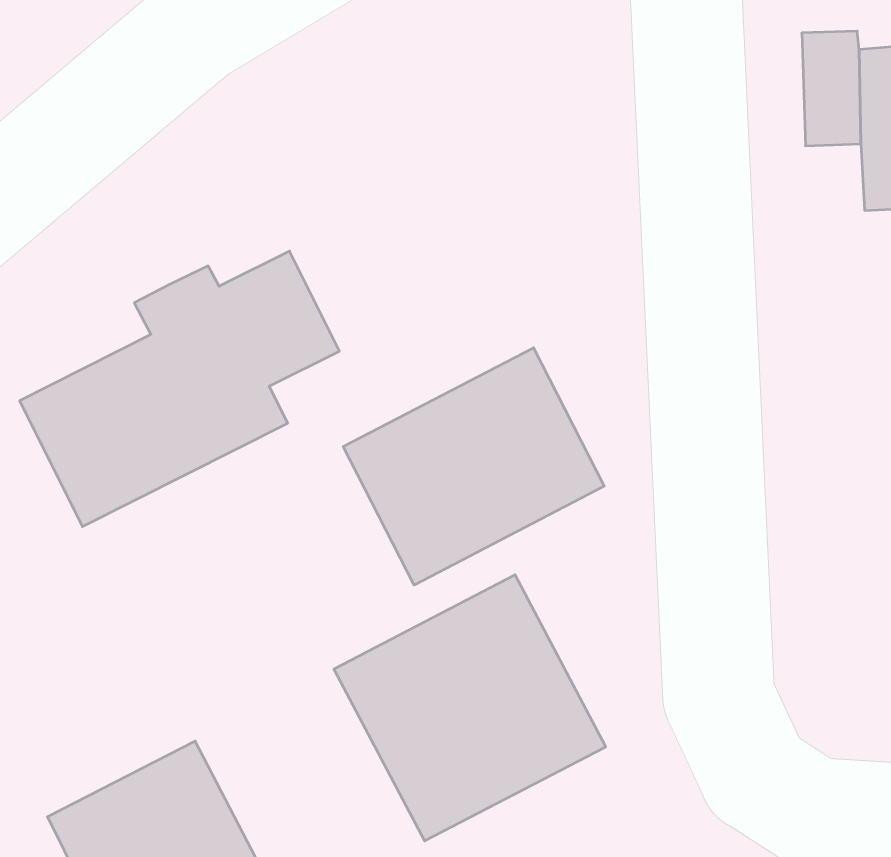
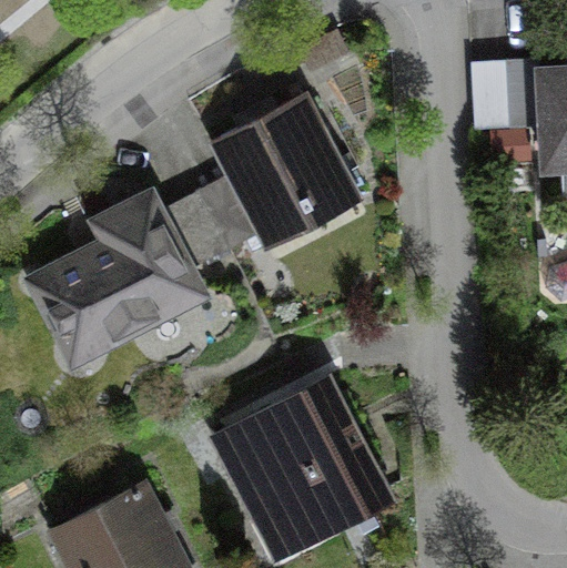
building: none -> [198,92,361,251]
building: [343,348,604,585] -> none

